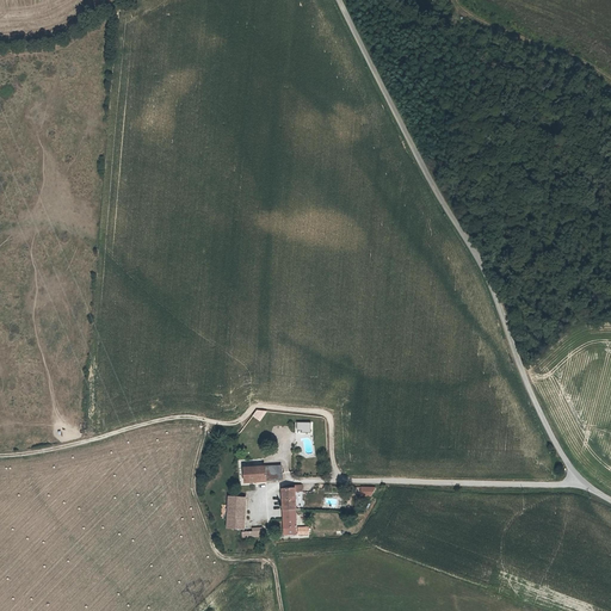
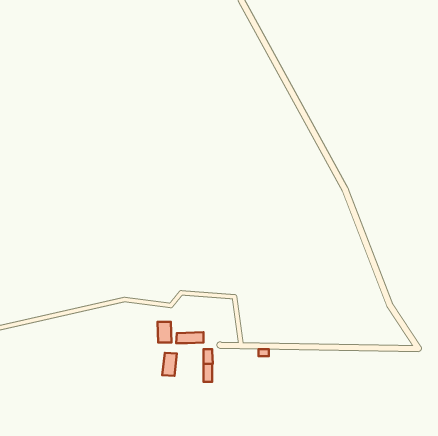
building: none -> [158,322,171,343]

